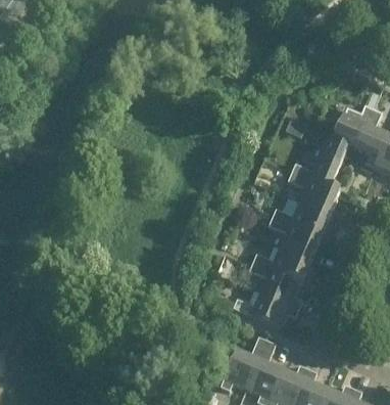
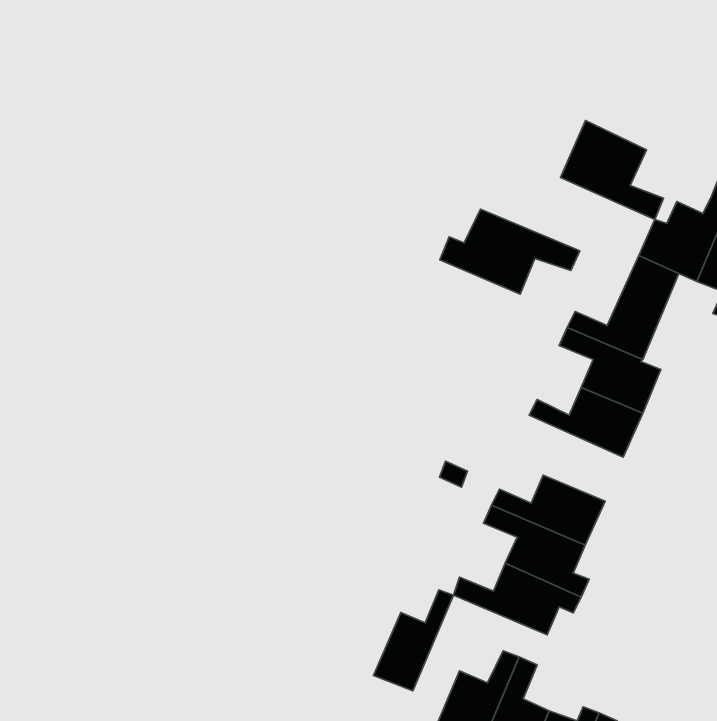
building: none -> [561,121,664,220]
building: none -> [440,209,580,294]
building: [267,216,320,260] -> none
building: none -> [374,590,453,691]

